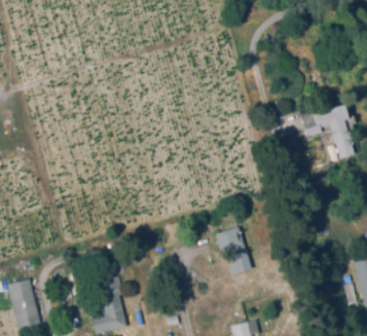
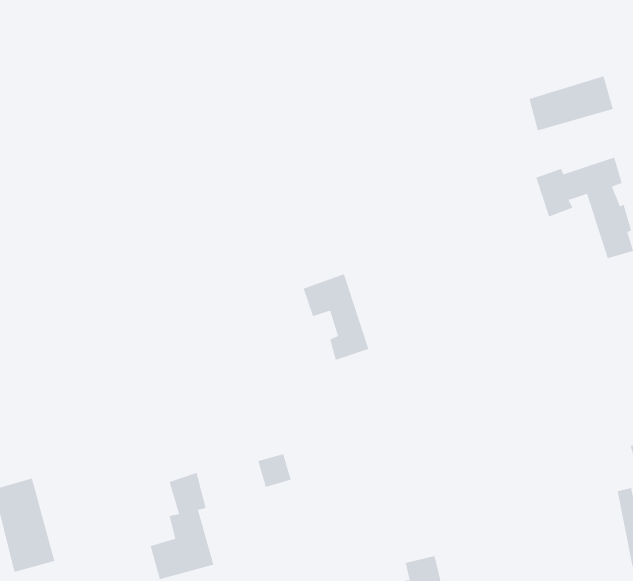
building: none -> [529,76,613,131]
building: [215,227,251,274] -> [303,273,369,360]

